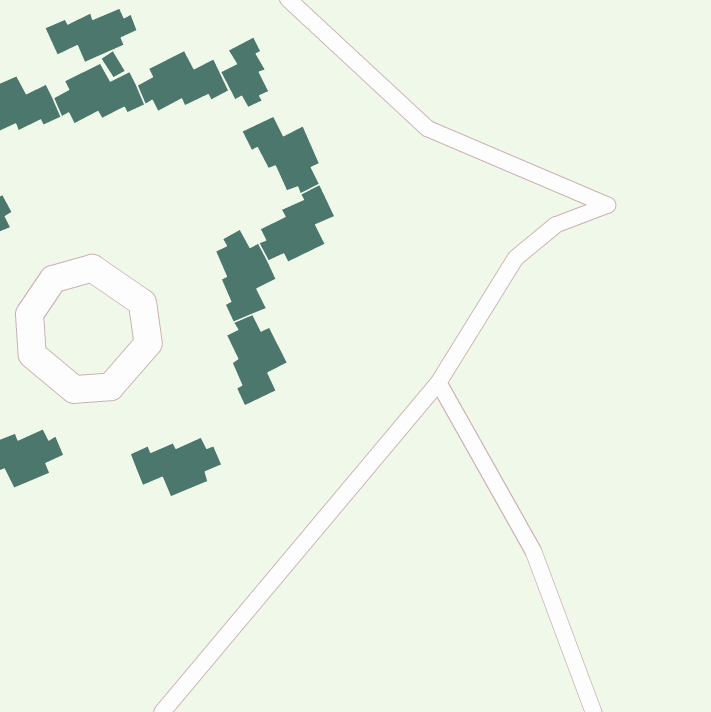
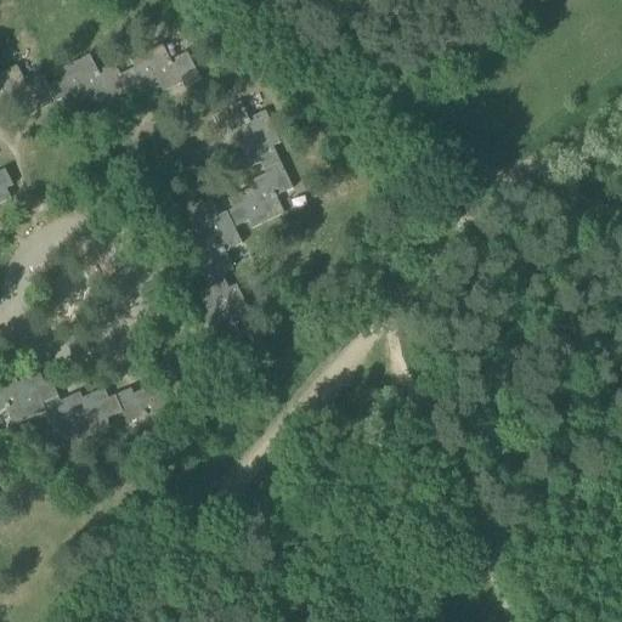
building: [45,8,137,63] -> none
building: [220,37,269,108] -> none
building: none -> [40,388,119,439]

